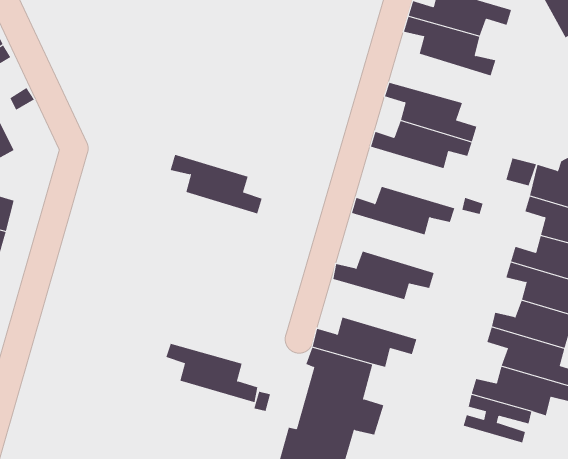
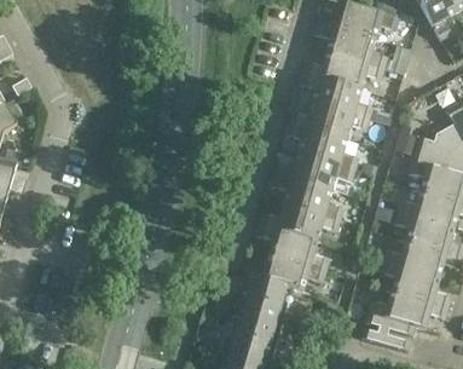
building: none -> [303,50,382,87]
building: none -> [285,121,357,168]
building: [170,154,263,214] -> [271,172,342,218]
building: [165,343,258,403] -> [256,223,328,269]

